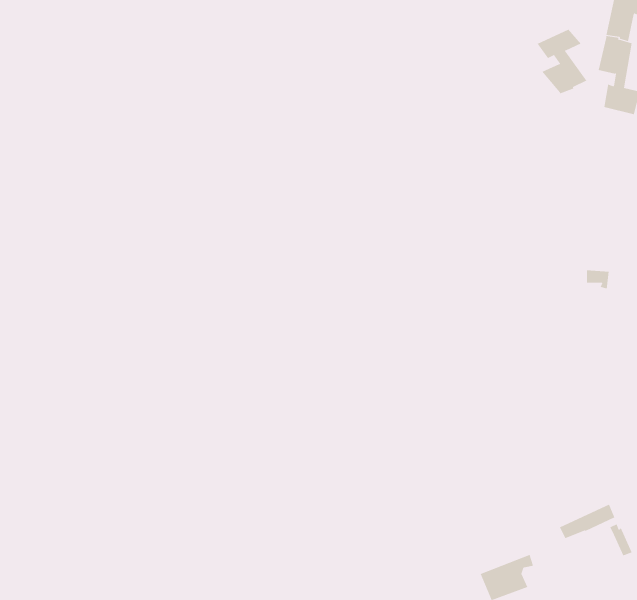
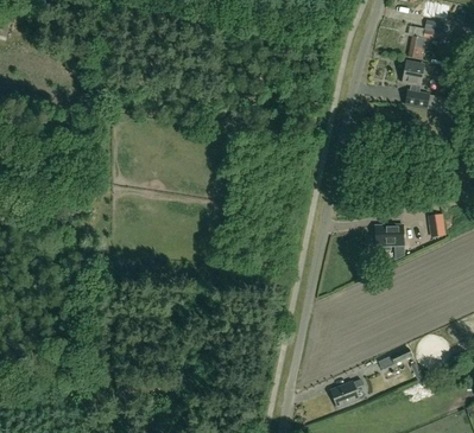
building: [537,29,587,94] -> none
building: none -> [373,225,404,249]

